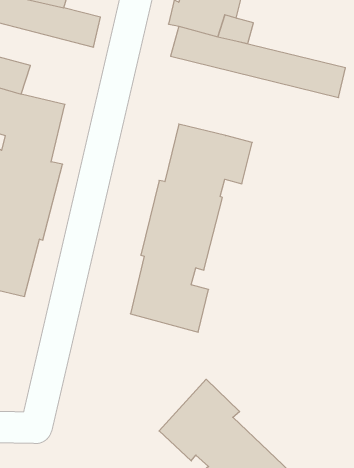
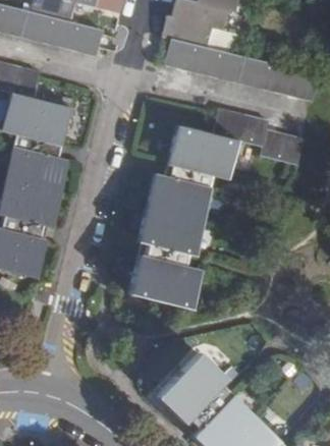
building: none -> [214,108,305,165]

